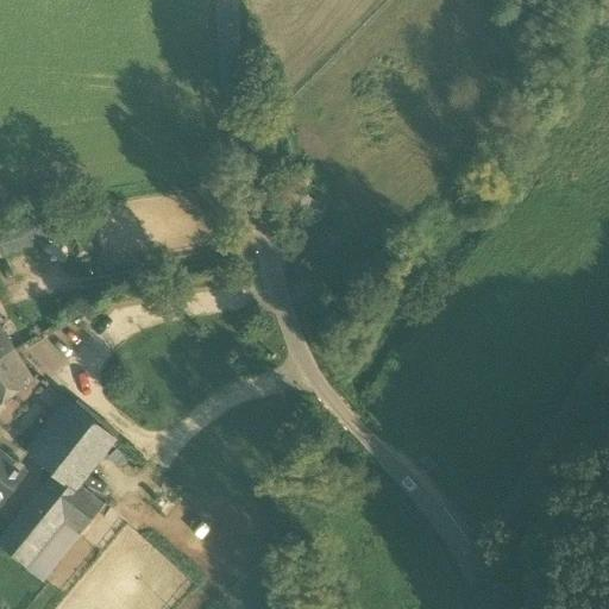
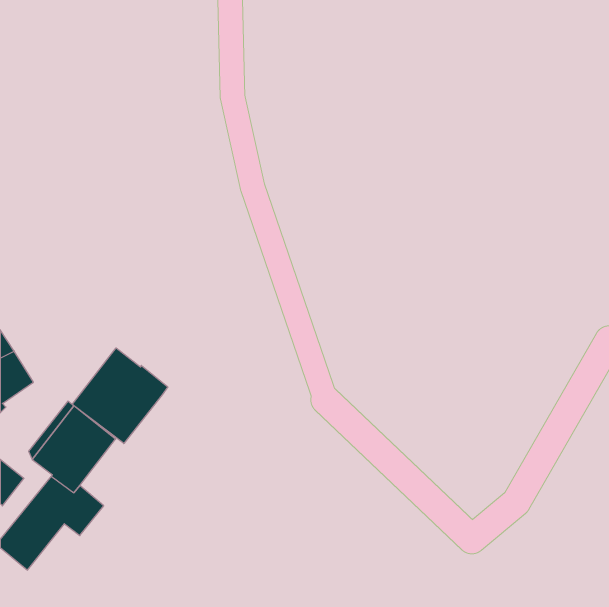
building: none -> [72,348,168,444]
building: [27,525,80,583] -> none

